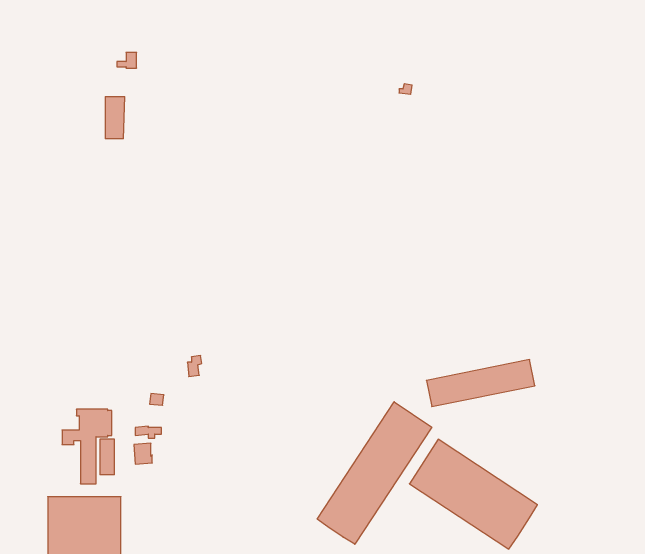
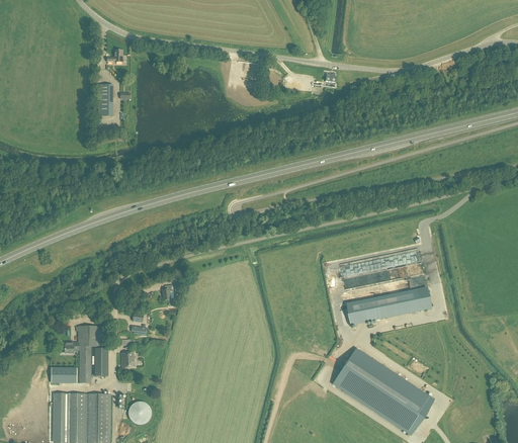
building: [317,402,432,544] -> none
building: none -> [51,367,76,382]
building: none -> [127,401,151,425]

